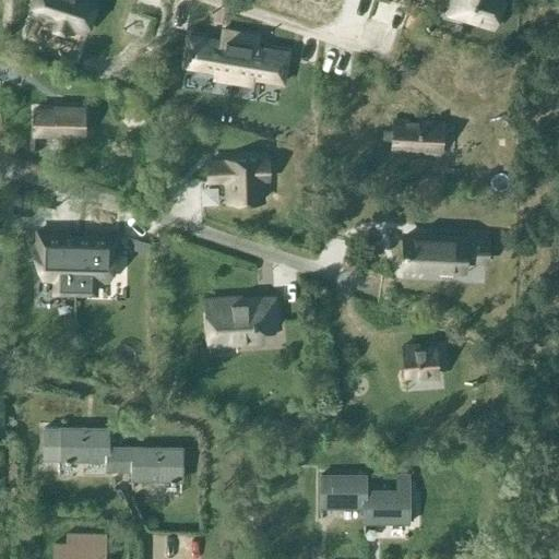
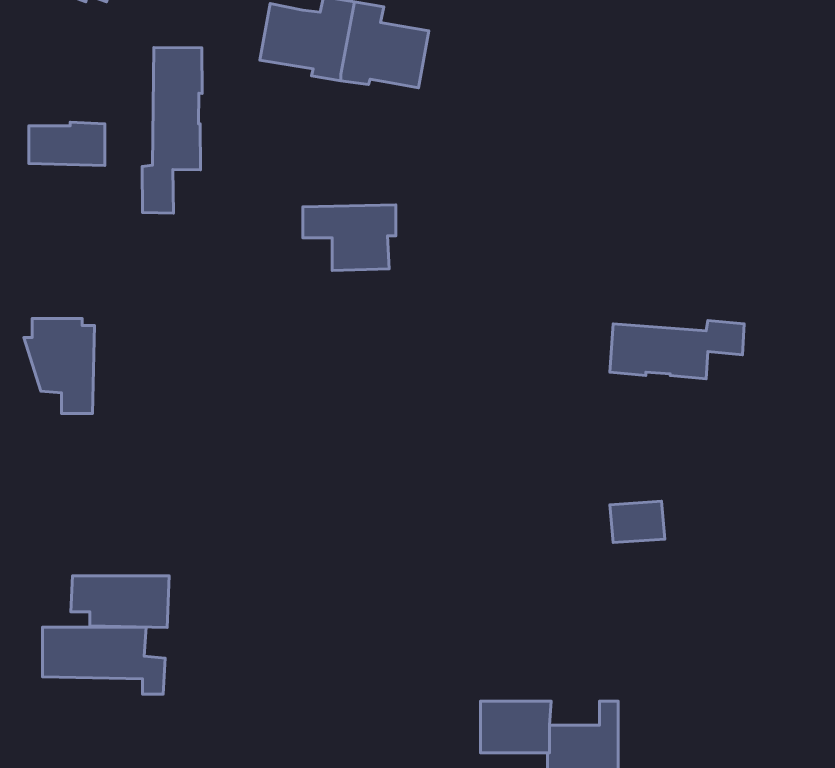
building: none -> [142,48,202,213]
building: [383,123,441,154] -> none
building: [76,235,122,295] -> none
building: [207,300,278,344] -> none
building: [121,449,183,481] -> [71,576,169,627]

